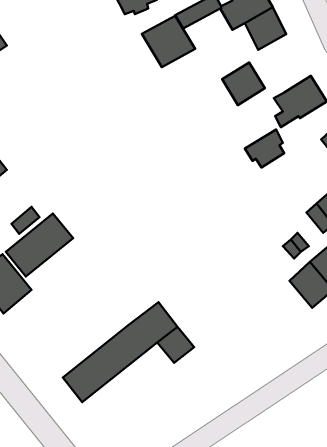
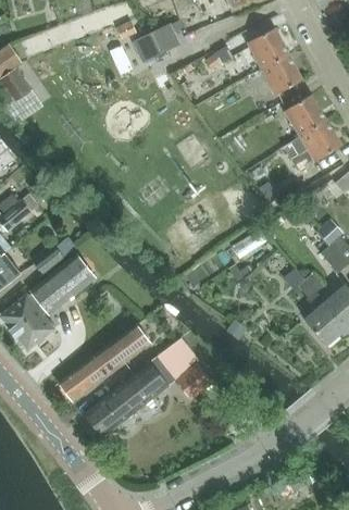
building: [142,16,195,67] -> none
building: [222,62,265,105] -> [285,95,326,136]
building: none -> [60,324,151,400]

